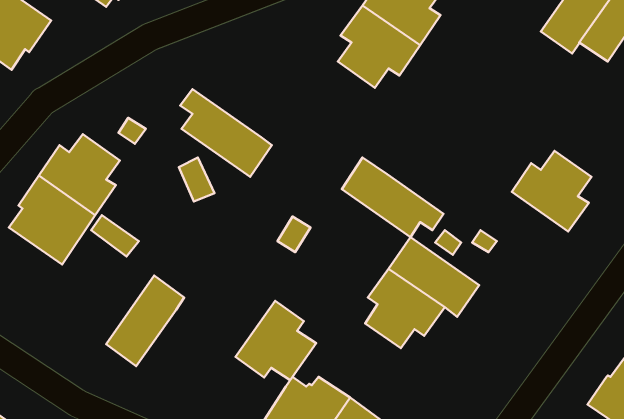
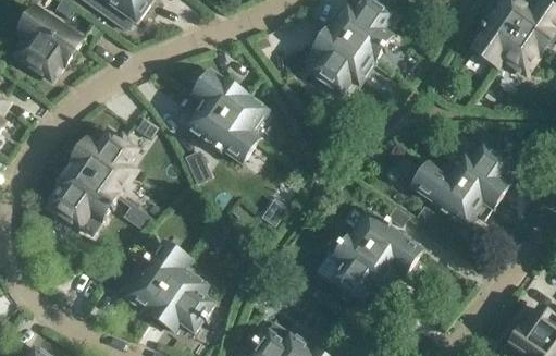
building: none -> [194,70,264,131]
building: [342,158,443,237] -> [411,161,492,224]
building: [235,301,316,380] -> [149,268,213,331]

